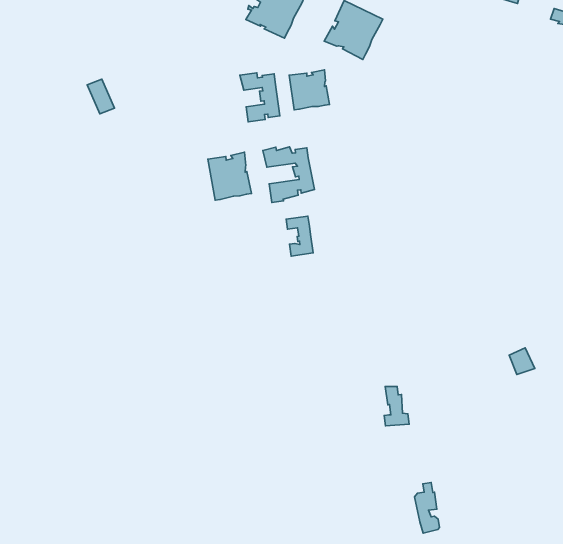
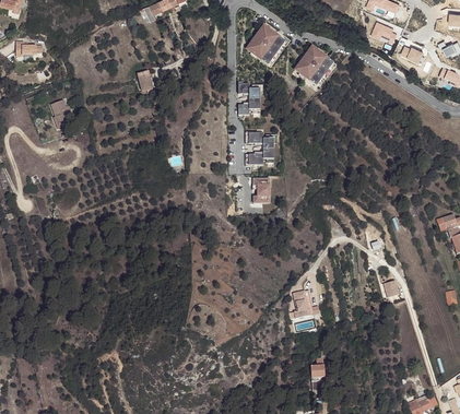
building: [289,70,330,110] -> none
building: [208,152,252,200] -> none

